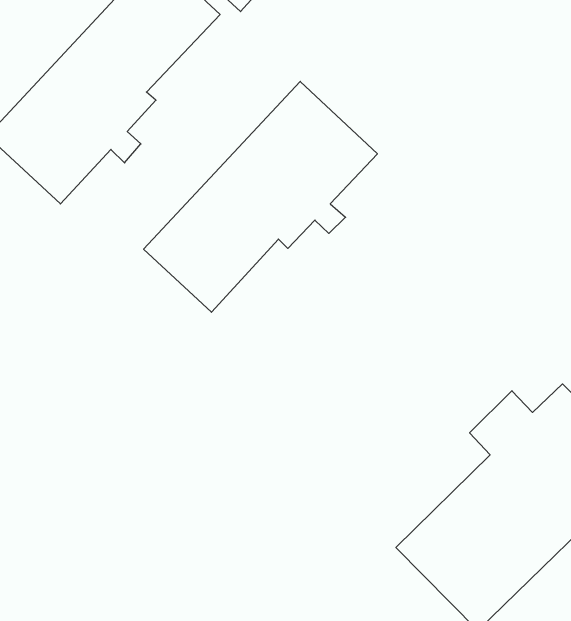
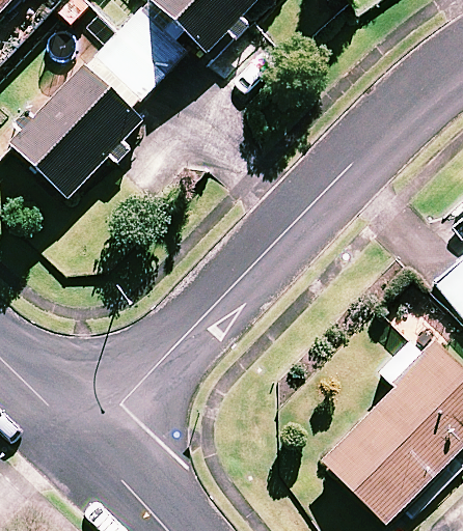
building: [144,81,377,312] -> none

